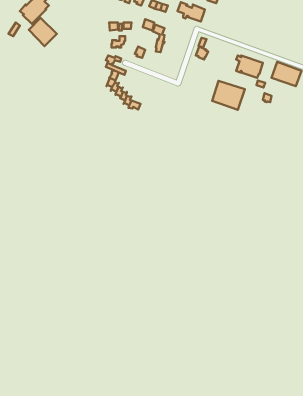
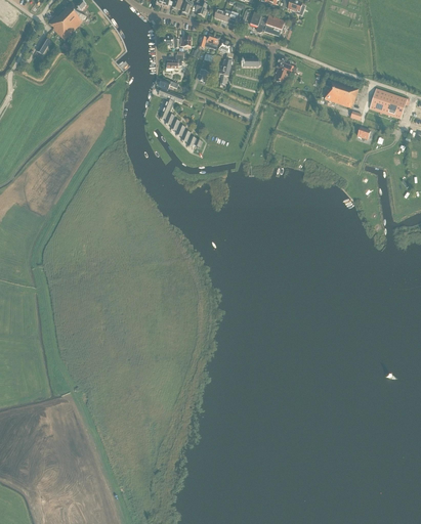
building: [29,18,57,46] -> none
building: [212,81,245,110] -> none

